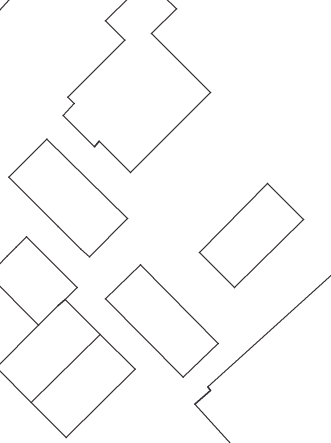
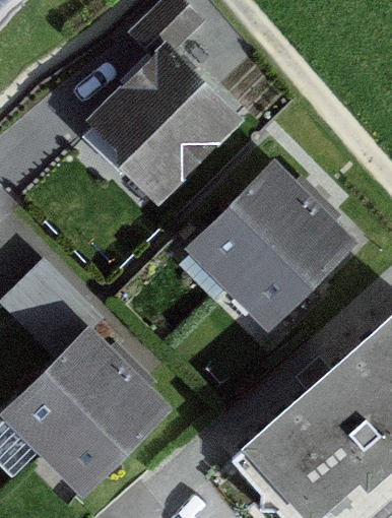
building: [9,139,128,257] -> none
building: none -> [196,173,310,287]
building: [106,265,218,377] -> none

